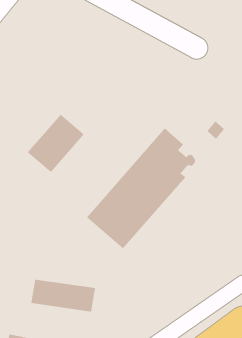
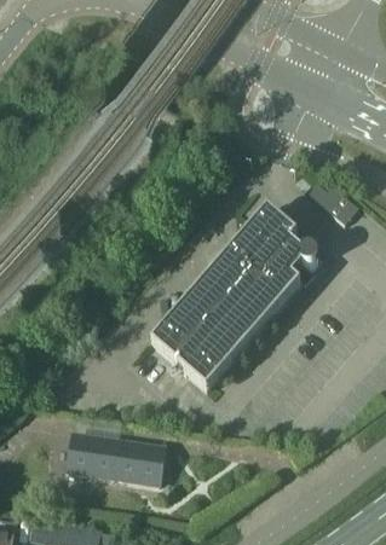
building: [27,114,85,173] -> none

